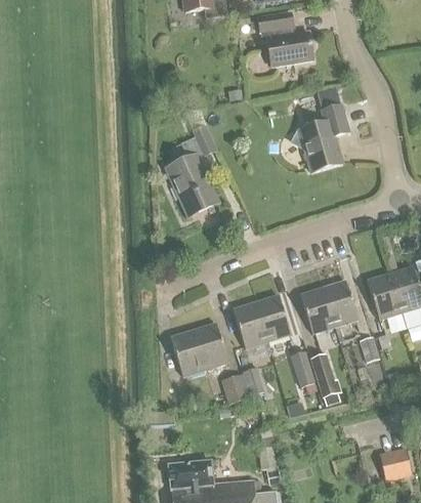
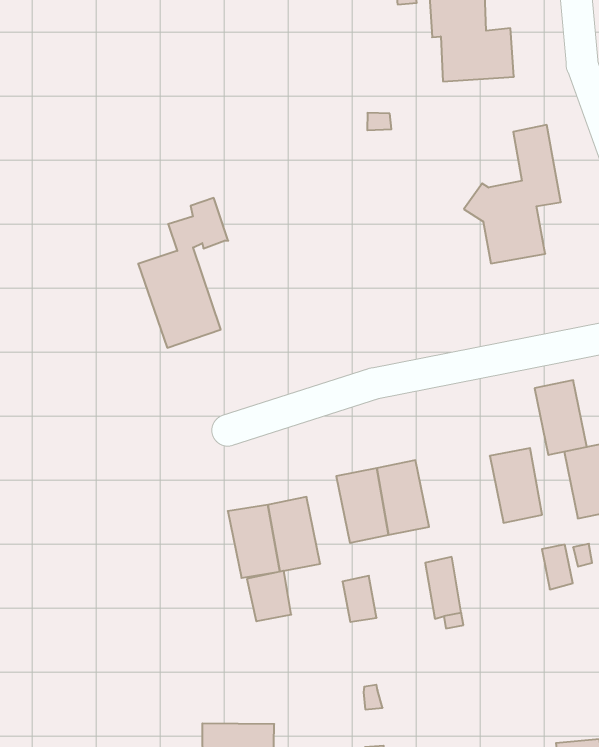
building: [166,125,219,217] -> [138,198,228,348]
building: [300,288,335,334] -> [535,380,587,455]
building: [310,352,342,399] -> none
building: [221,373,250,405] -> [247,571,291,621]

